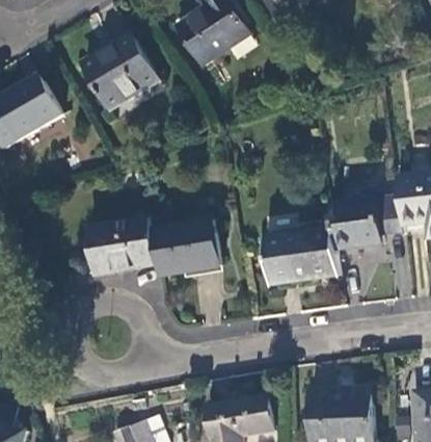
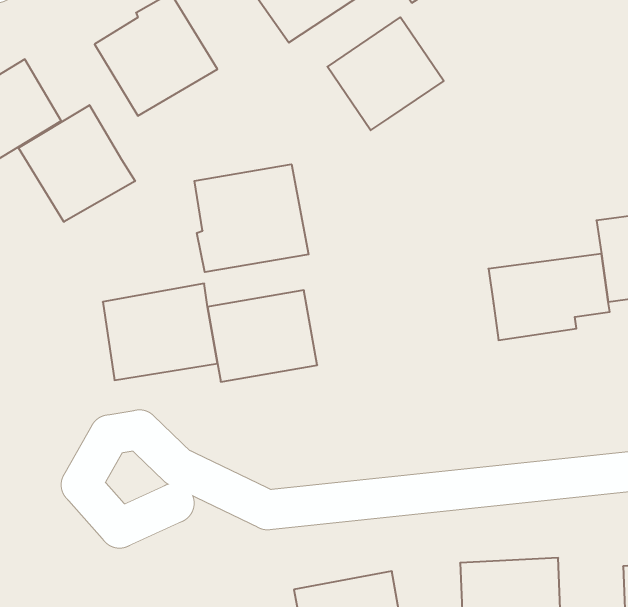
building: none -> [327,17,444,130]
building: none -> [18,105,135,222]
building: none -> [194,164,309,272]
building: [265,228,338,286] -> none

